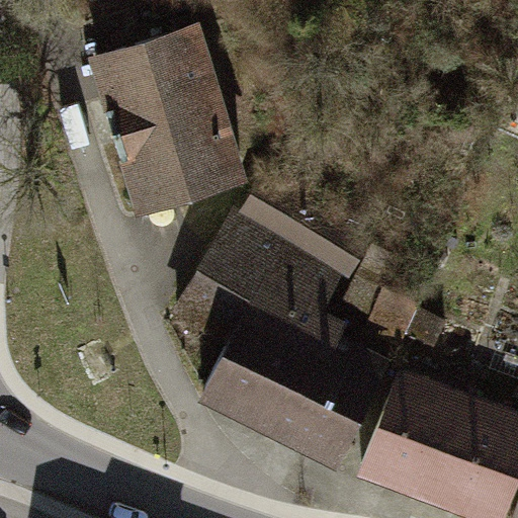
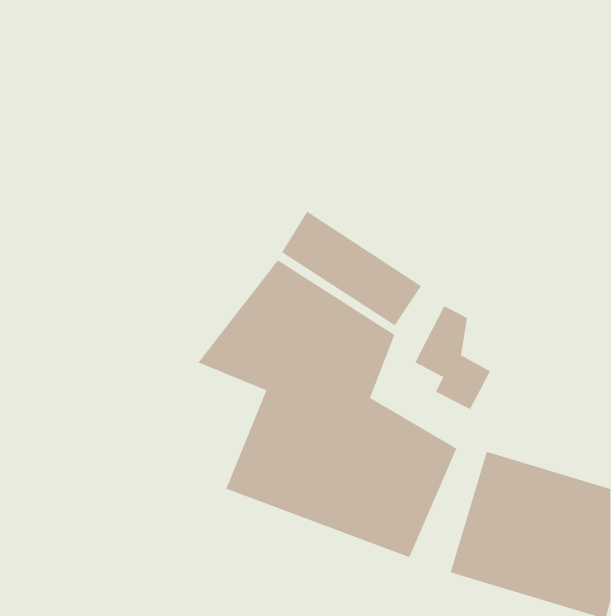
building: [95,29,250,213] -> none

